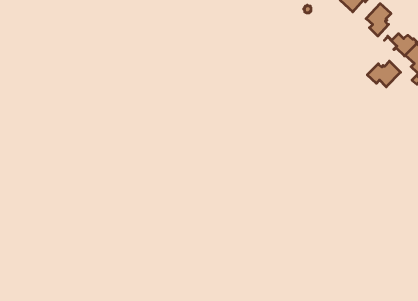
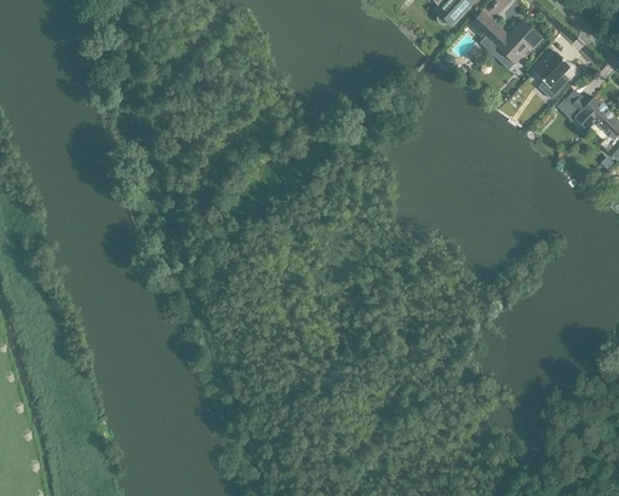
building: [367,61,401,87] -> none

